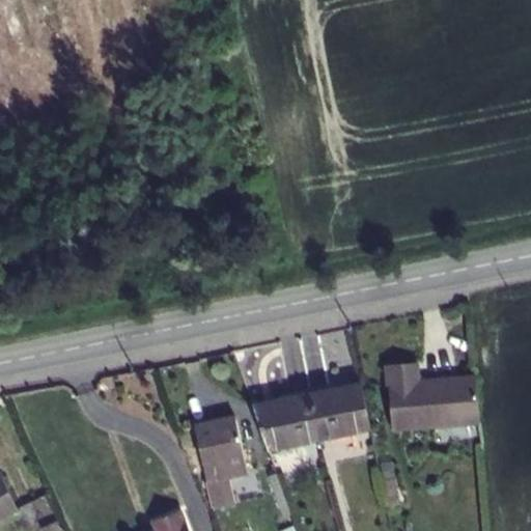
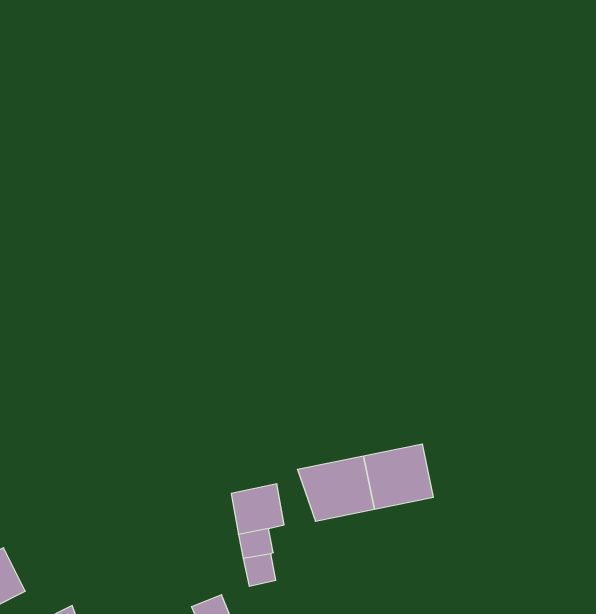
building: [390,363,482,428] -> none

